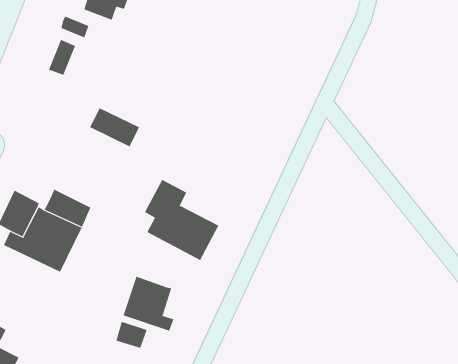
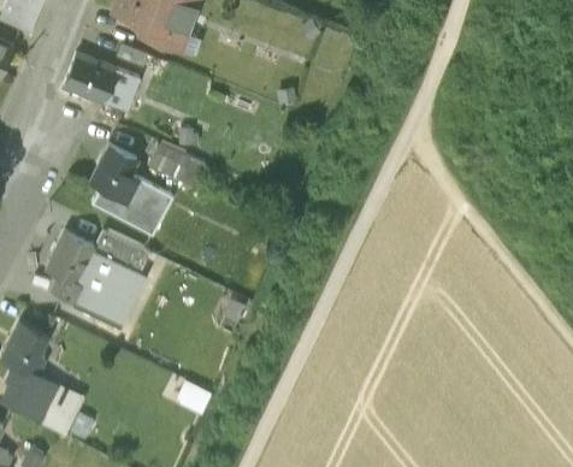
building: none -> [64,53,117,102]
building: [144,179,219,261] -> [90,146,172,235]
building: [123,276,174,331] -> none

